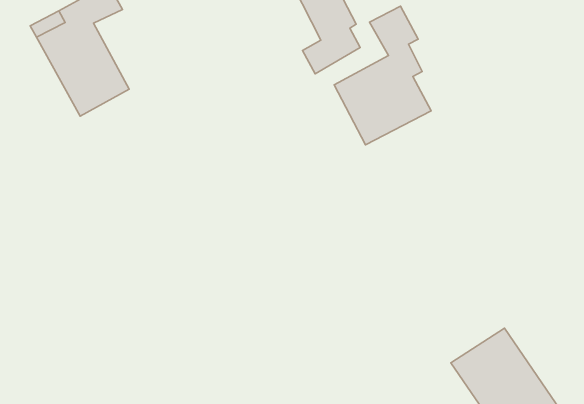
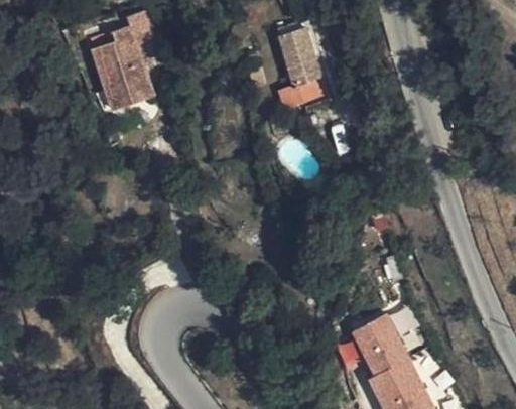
building: [334,6,431,145] -> none

